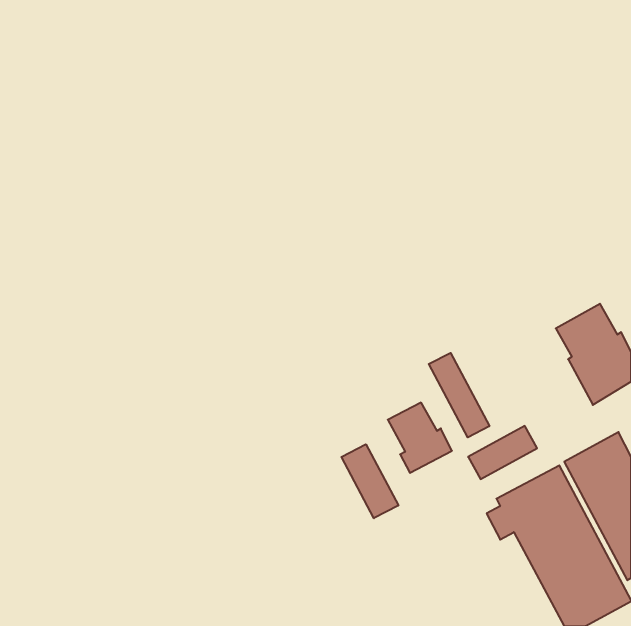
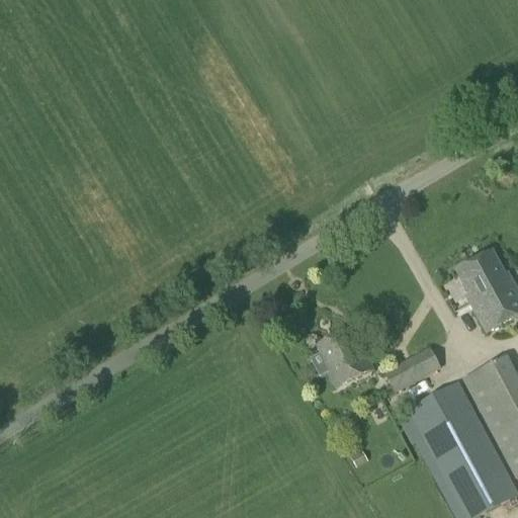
building: [429,353,489,437] -> none
building: [341,444,398,518] -> none

